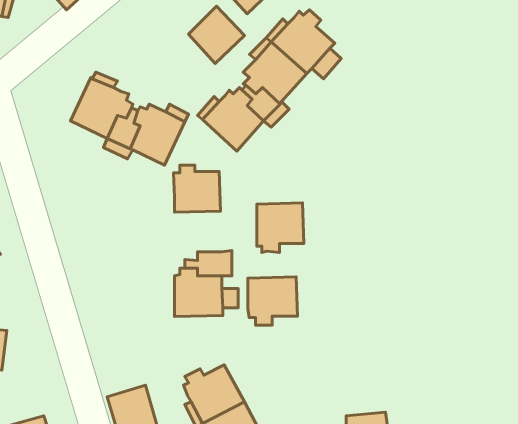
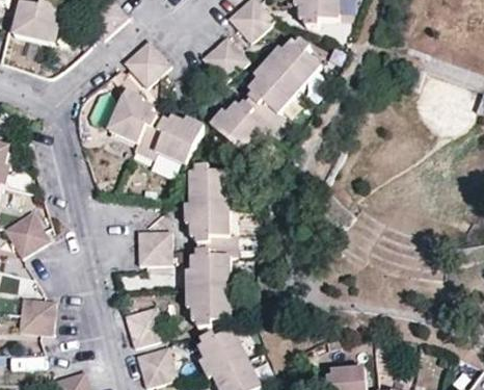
building: none -> [123,37,169,85]
building: [257,203,304,252] -> [190,202,228,242]
building: none -> [138,231,170,263]
building: [248,277,298,325] -> [190,287,231,327]
building: none -> [124,305,164,345]

